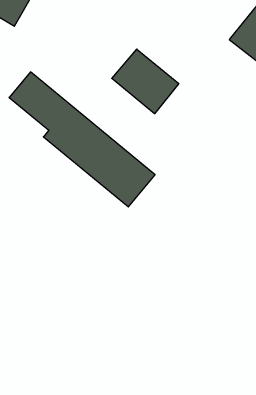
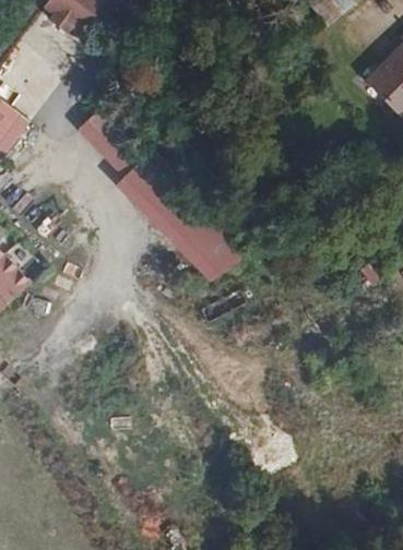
building: [112,49,179,114] -> none

